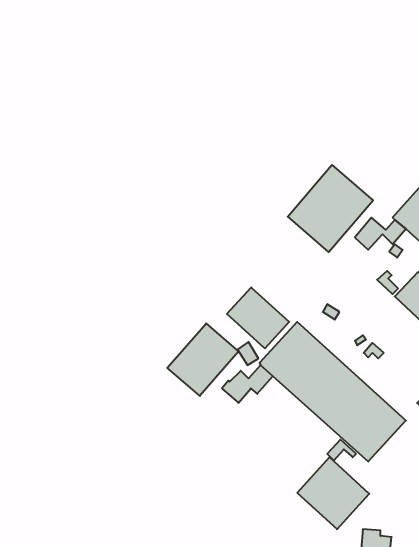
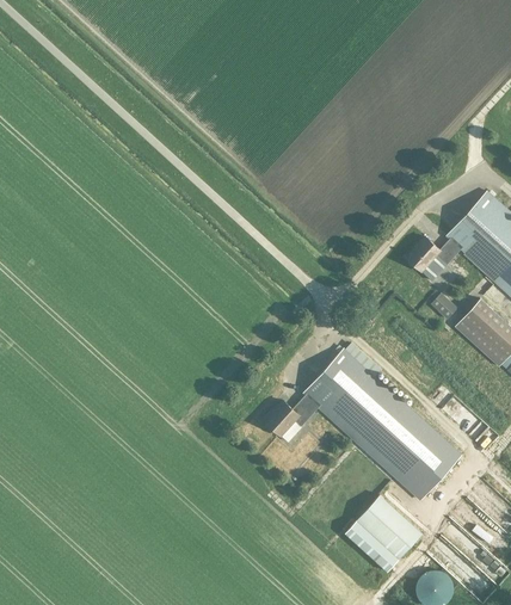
building: [288,165,373,252] -> none
building: [227,287,289,348] -> none
building: [167,323,239,396] -> none

